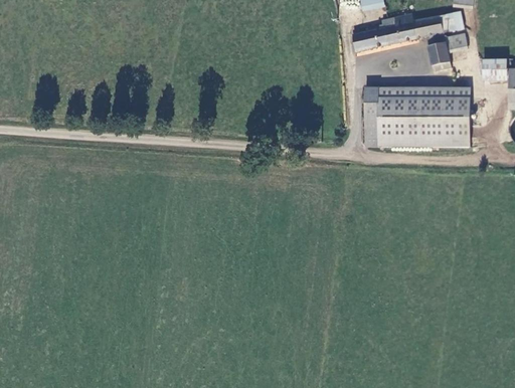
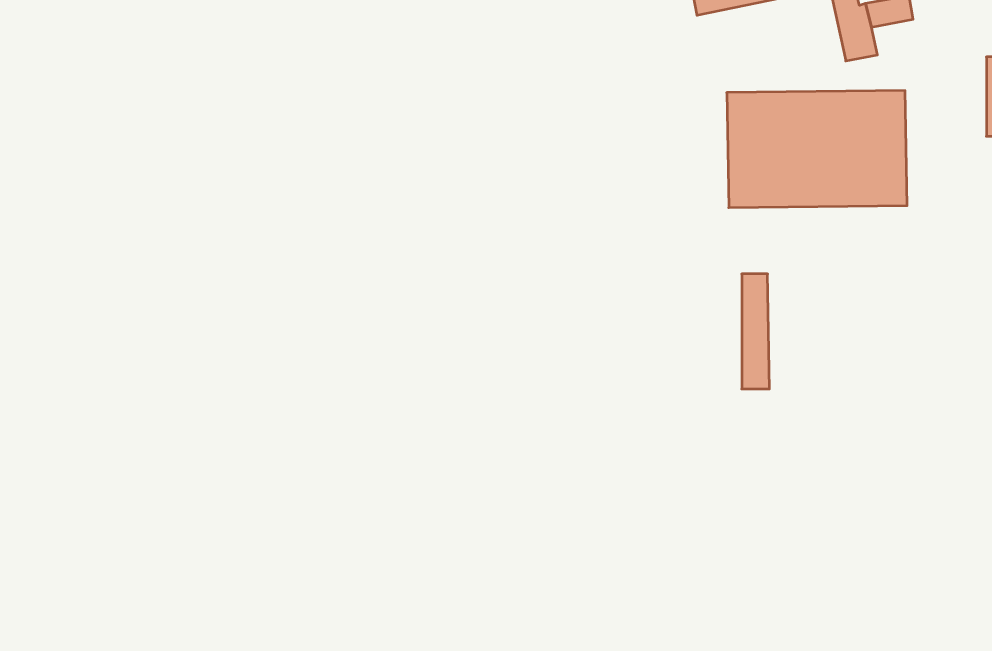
building: [481,59,505,75] -> none
building: [364,87,378,146] -> [742,274,769,389]

